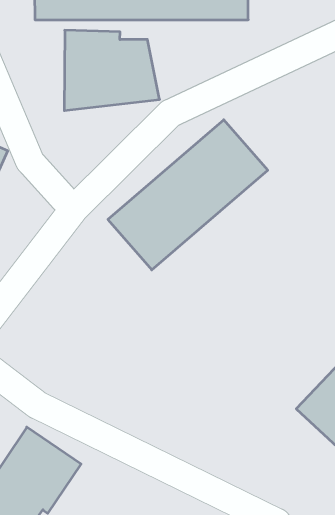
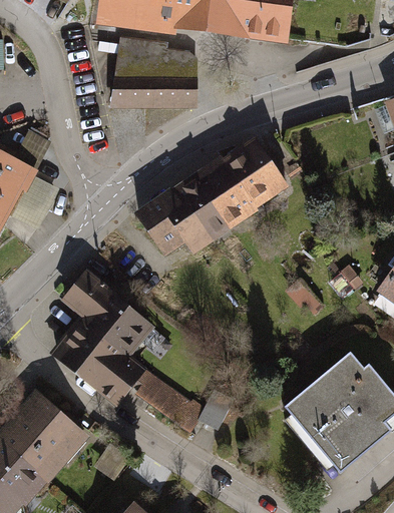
building: none -> [53,271,209,437]

